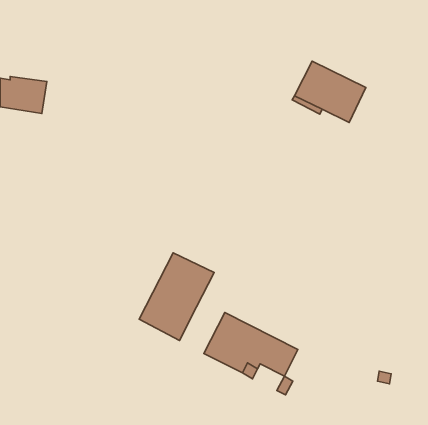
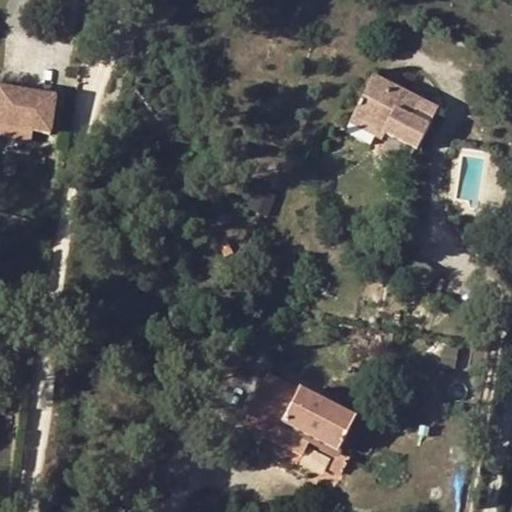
building: [139,253,214,340] -> none

